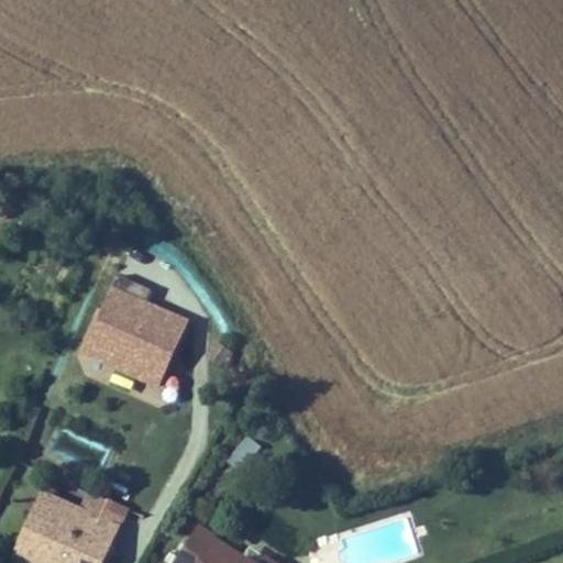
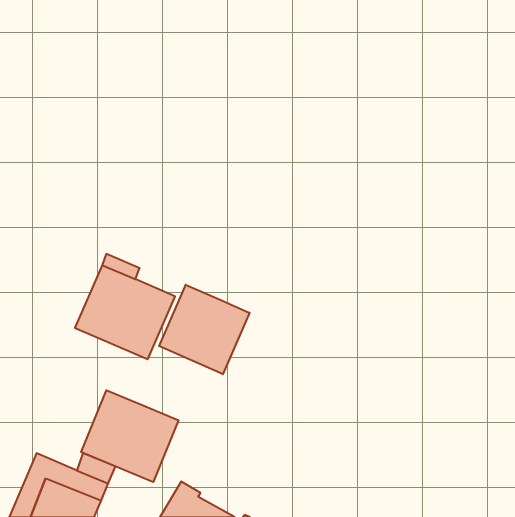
building: none -> [159,285,250,374]
building: none -> [81,390,179,482]

